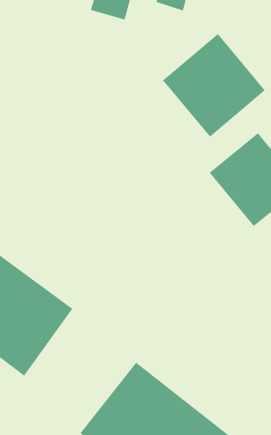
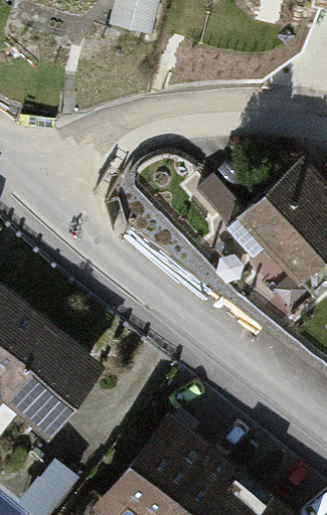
building: [162,33,265,138] -> none

